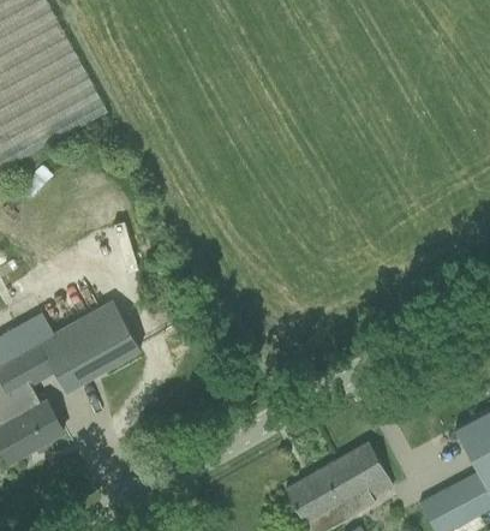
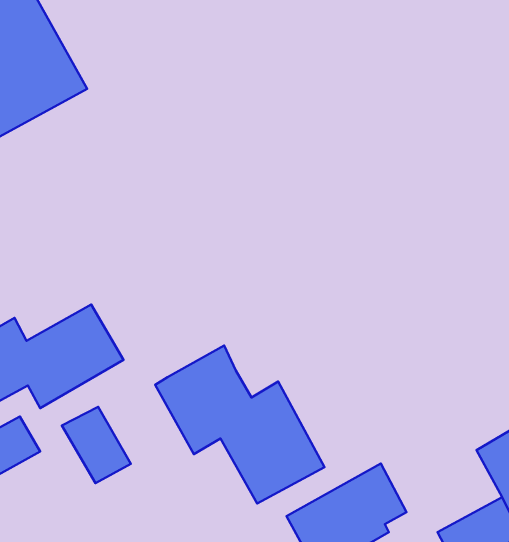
building: none -> [155,346,324,504]
building: none -> [62,407,131,483]

